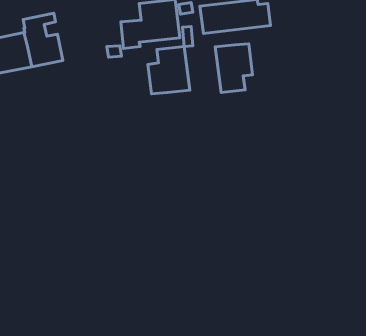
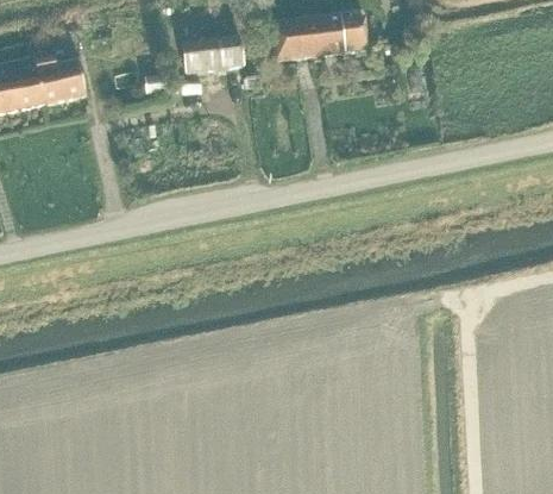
building: [215,44,253,92] -> none
building: [148,47,190,94] -> none

